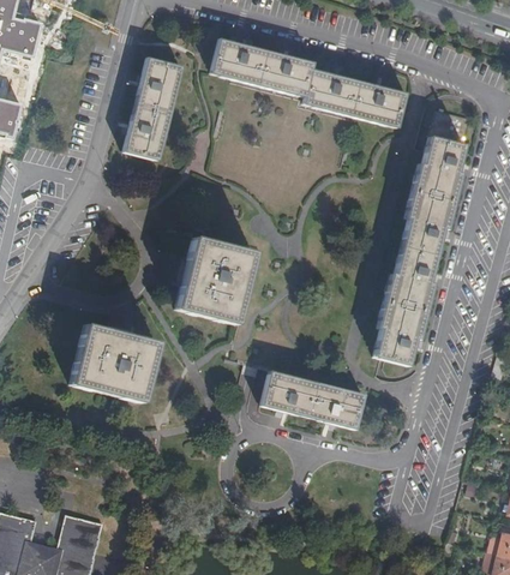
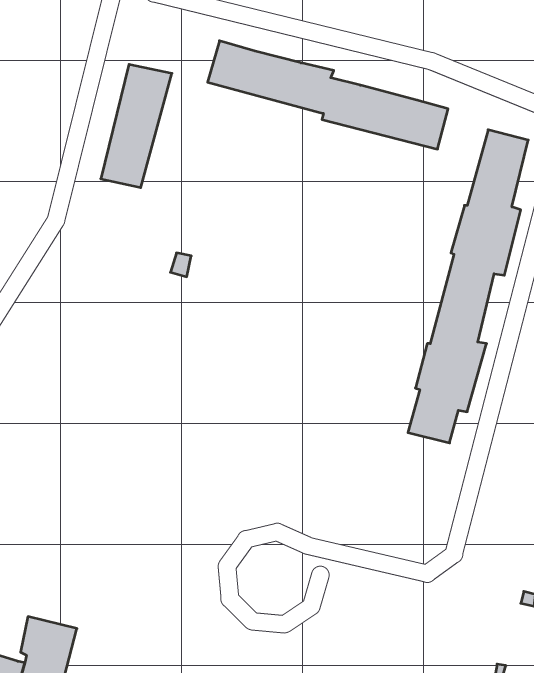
building: [176,239,253,325] -> none
building: [71,325,156,402] -> none
building: [260,372,364,430] -> none

